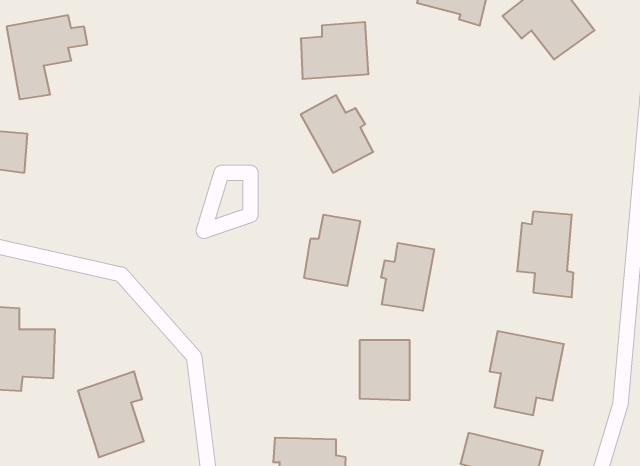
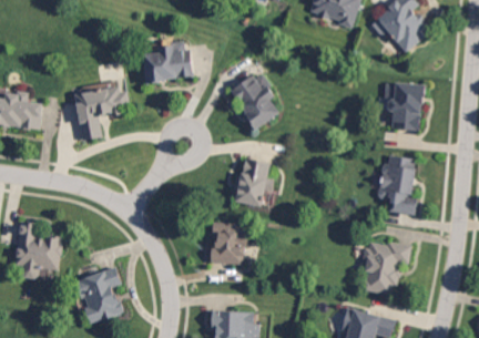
building: [7,15,87,99] -> [73,83,129,141]
building: [301,22,369,79] -> [144,43,191,82]
building: none -> [383,83,425,131]
building: [381,243,434,311] -> none
building: [360,340,410,400] -> [212,224,246,265]

